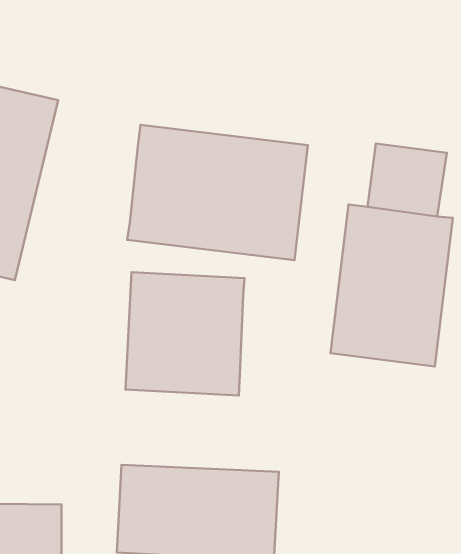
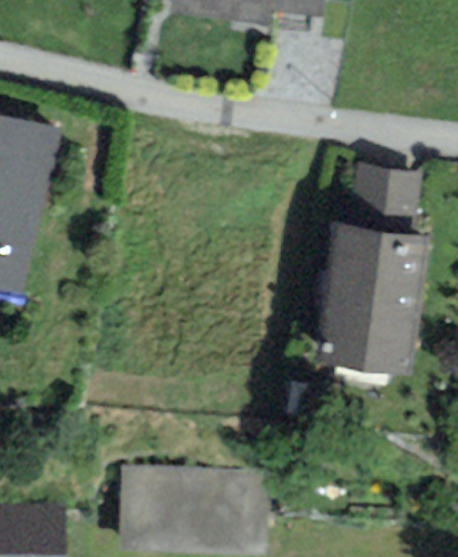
building: [127,125,308,260] -> none
building: [126,272,245,396] -> none

